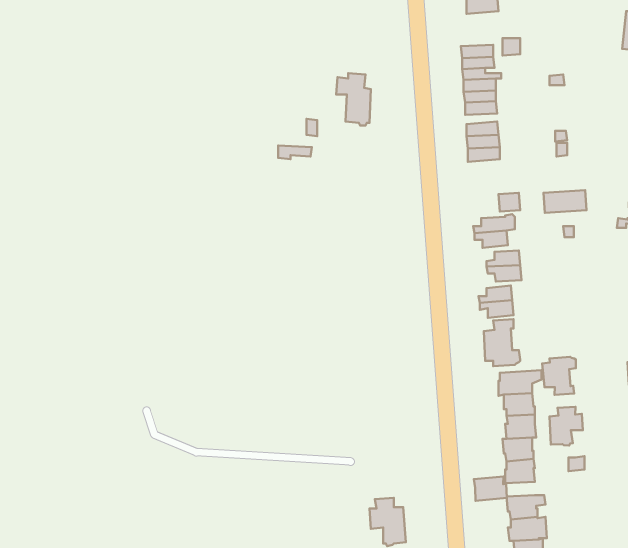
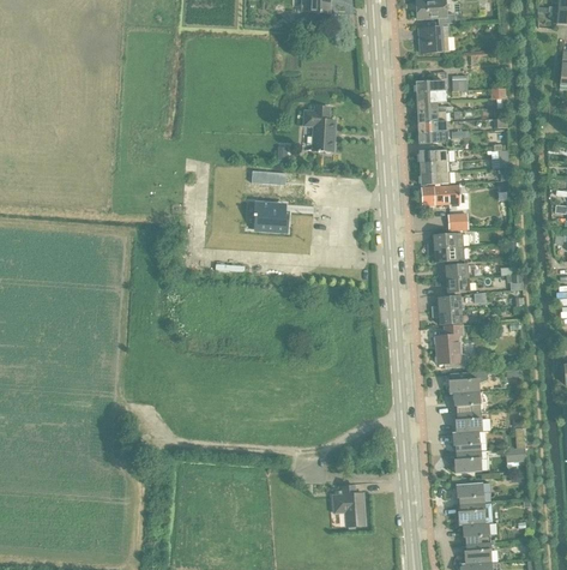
building: none -> [253,200,288,230]
building: [543,190,586,213] -> [421,185,459,205]
building: [542,357,576,395] -> none
building: [549,407,583,446] -> none
building: [474,476,507,501] -> none

